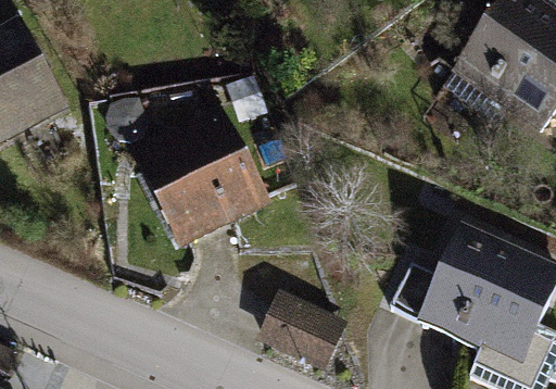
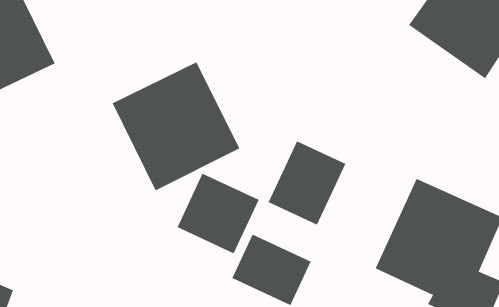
building: none -> [268,140,346,225]
building: none -> [177,173,259,254]

